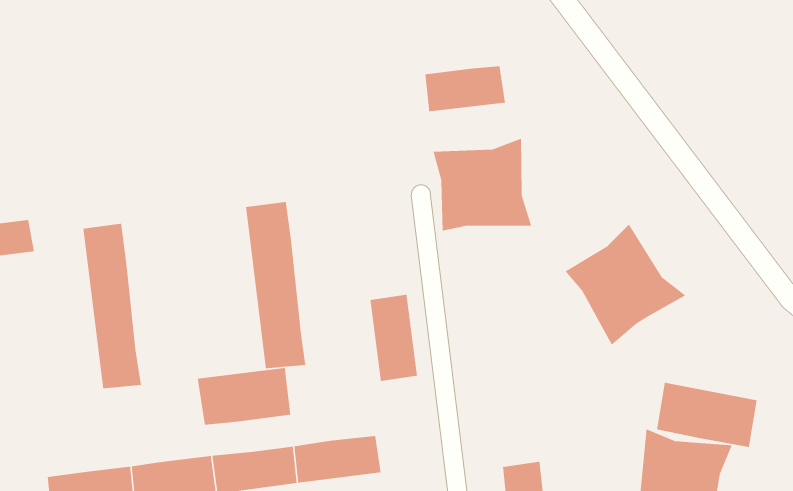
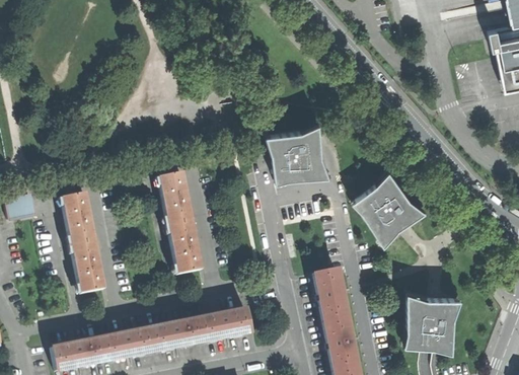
building: [424,65,506,112] -> none
building: [369,294,418,382] -> [313,268,346,321]
building: [197,367,291,426] -> none
building: [656,382,757,448] -> none

